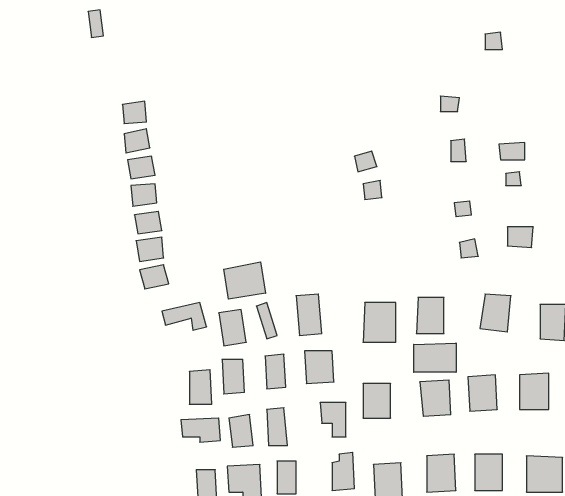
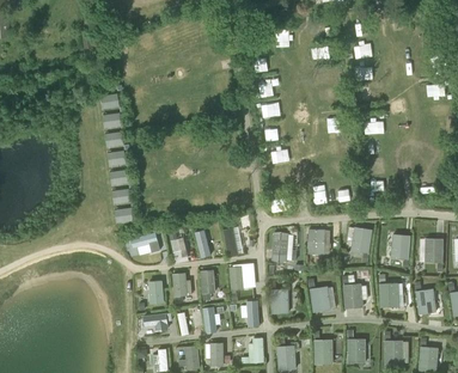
building: [224,262,266,299] -> none
building: [414,343,456,372] -> none

